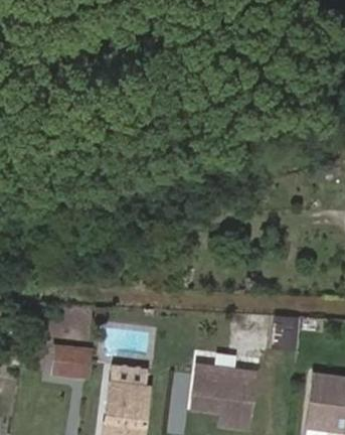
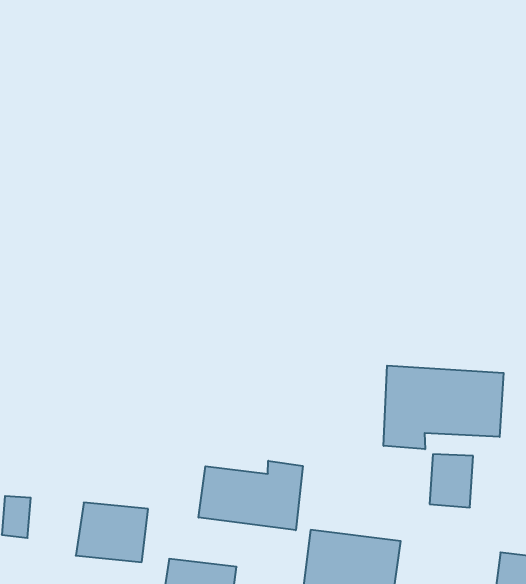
building: none -> [384,366,504,449]
building: none -> [199,461,303,530]

